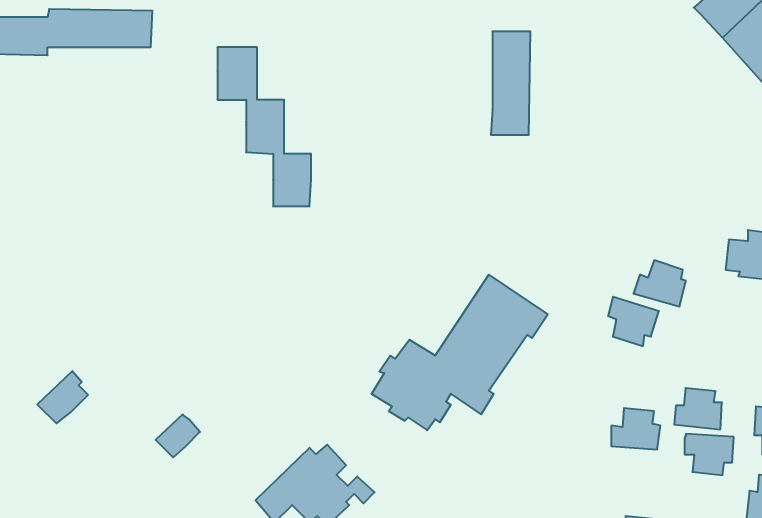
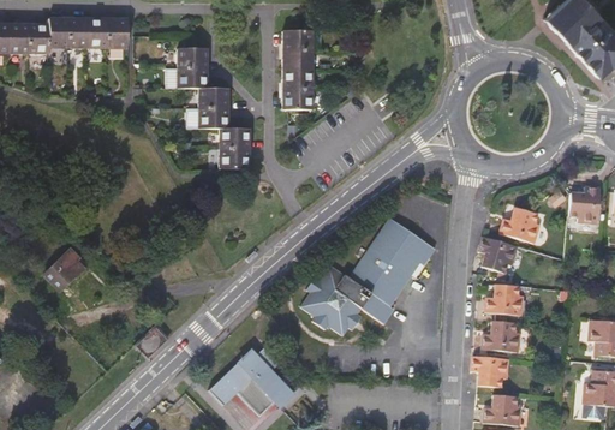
building: [491,31,530,135] -> [288,30,318,108]
building: [37,371,88,423] -> [46,250,84,289]
building: [674,388,722,429] -> [485,283,521,315]
building: [685,434,734,475] -> [471,356,508,387]

